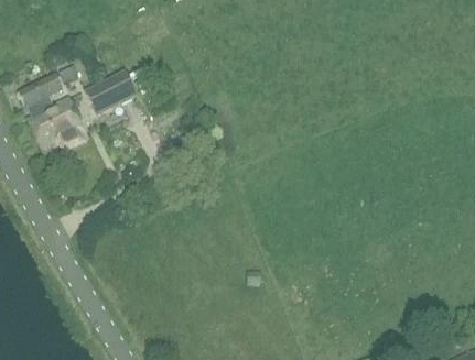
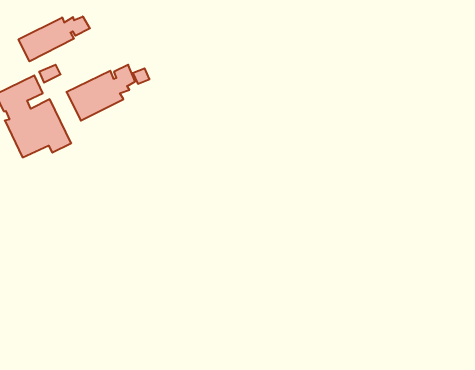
building: none -> [19,16,90,61]

